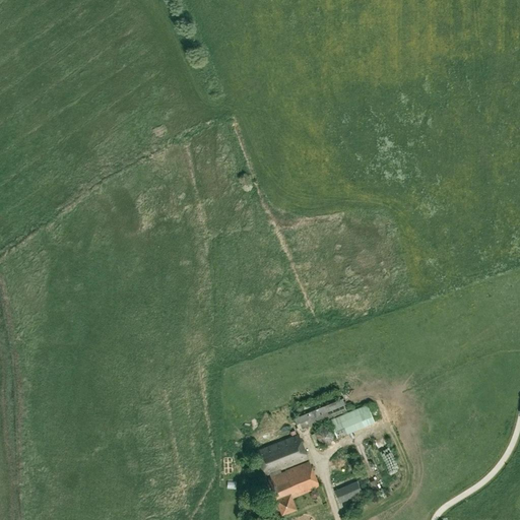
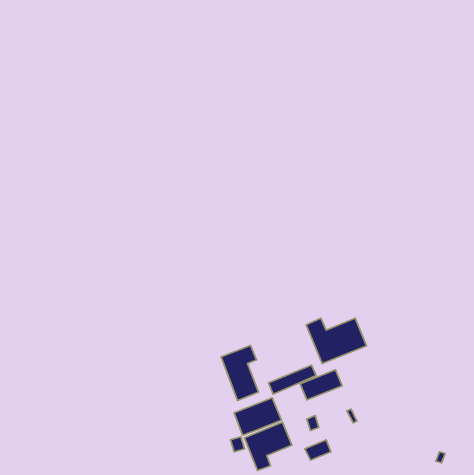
building: none -> [306,318,367,363]
building: none -> [221,345,259,400]

